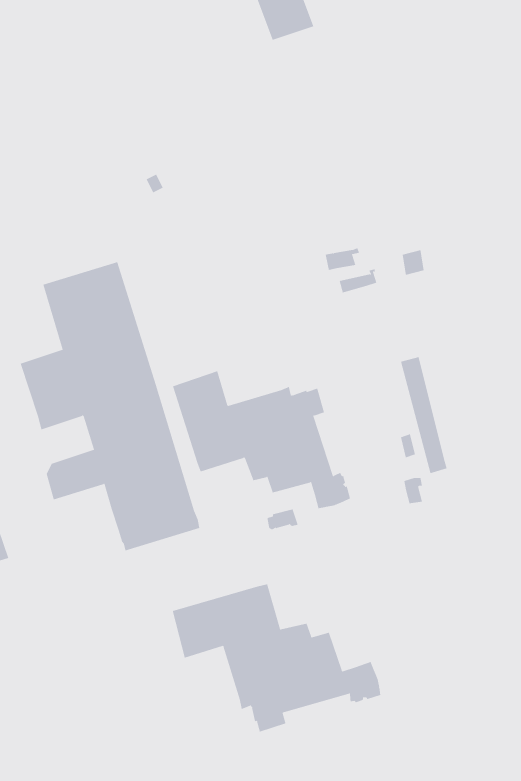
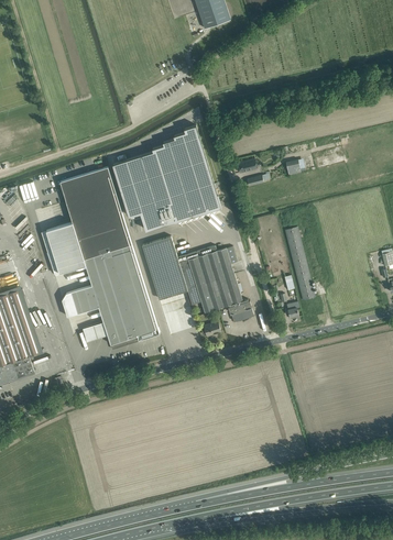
building: none -> [111,125,220,230]
building: [172,584,381,733] -> none

